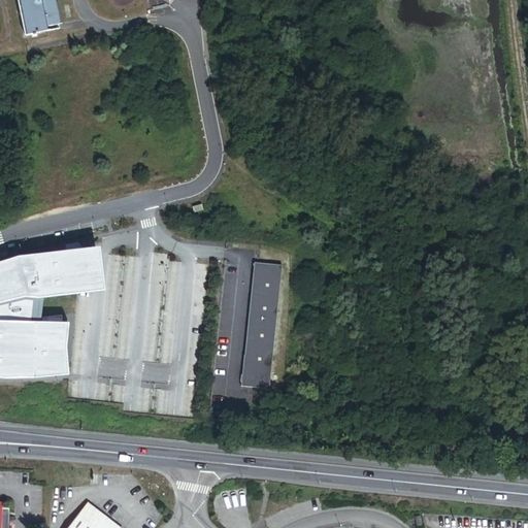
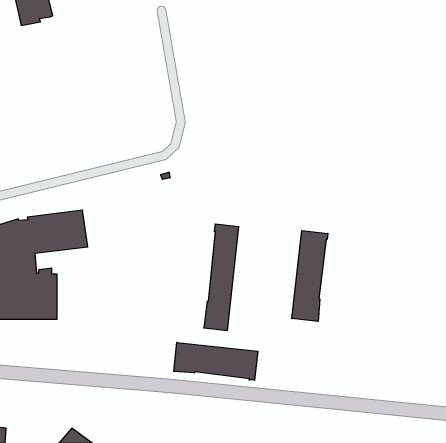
building: none -> [292,231,328,321]
building: none -> [174,342,258,380]

